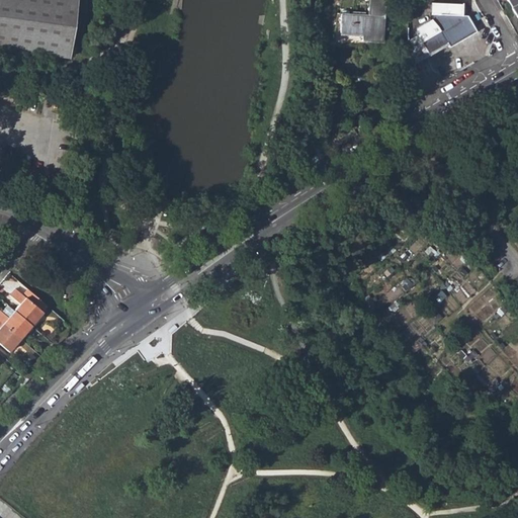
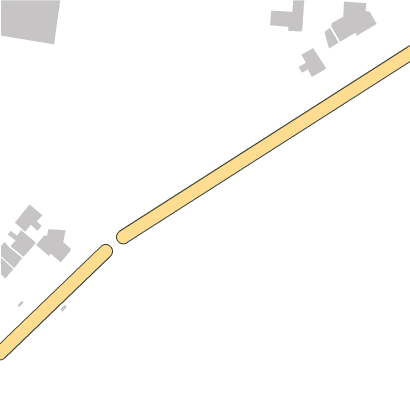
building: none -> [297,47,327,78]
building: none -> [14,203,44,233]
building: none -> [35,228,71,263]

